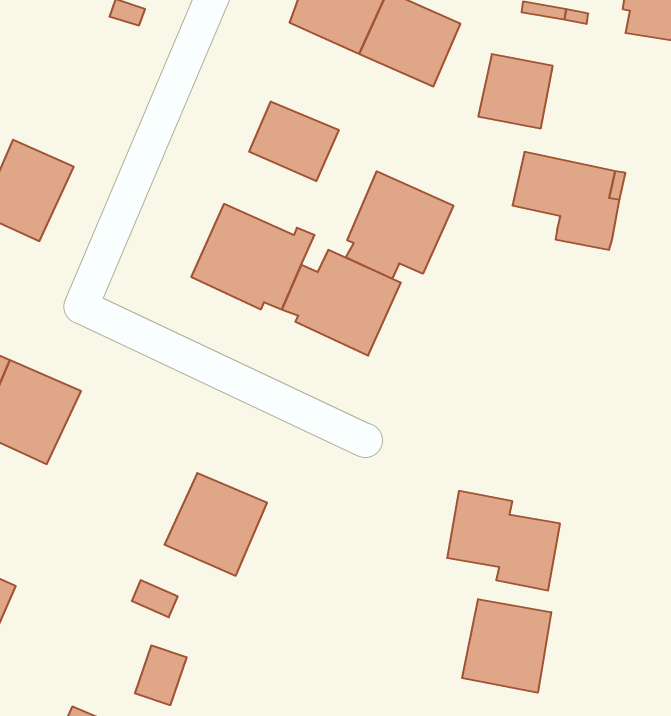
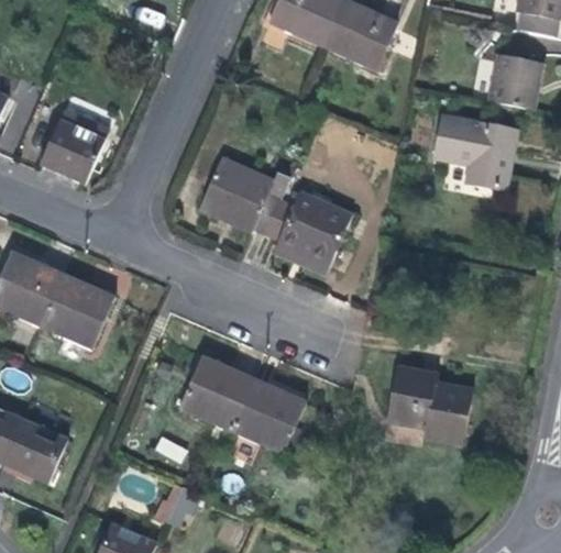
building: [478,54,553,128] -> [490,56,544,111]
building: [249,101,339,181] -> none
building: [346,171,453,279] -> none
building: none -> [230,377,305,453]
building: [462,599,551,693] -> none

